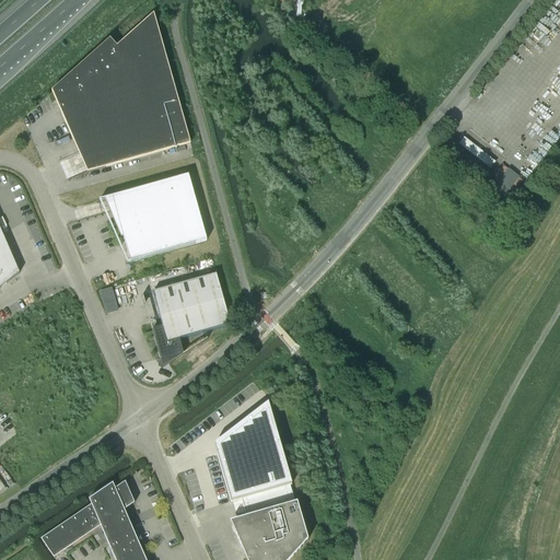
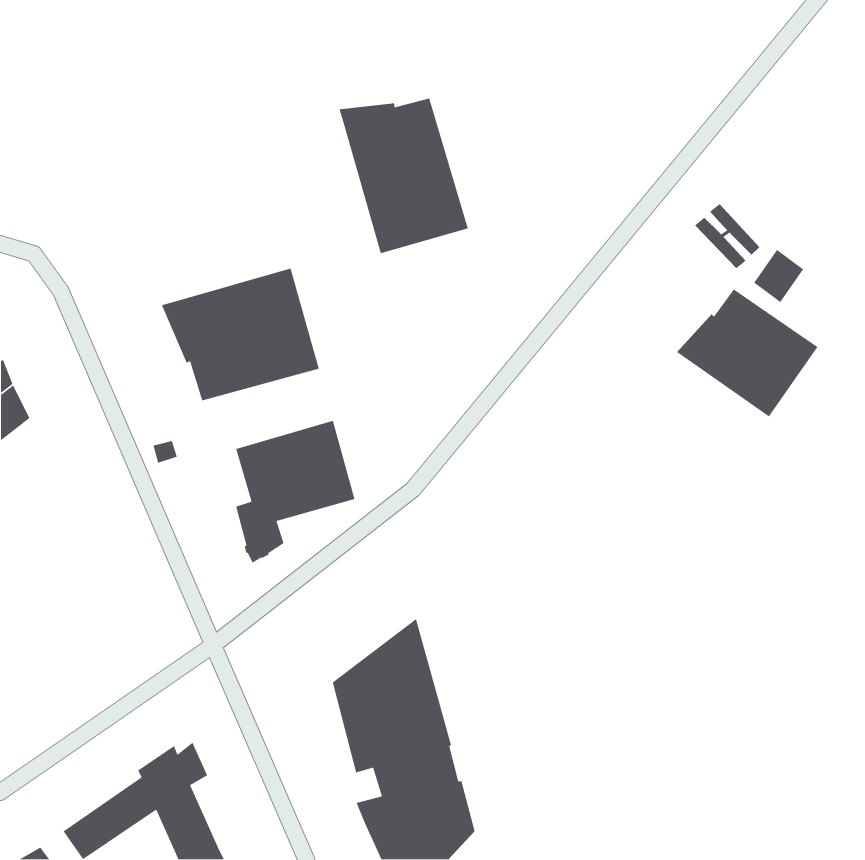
building: [56,11,190,164] -> none
building: none -> [336,90,469,254]
building: none -> [671,285,819,417]

